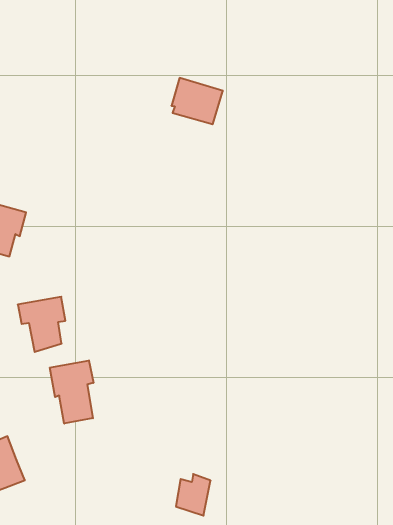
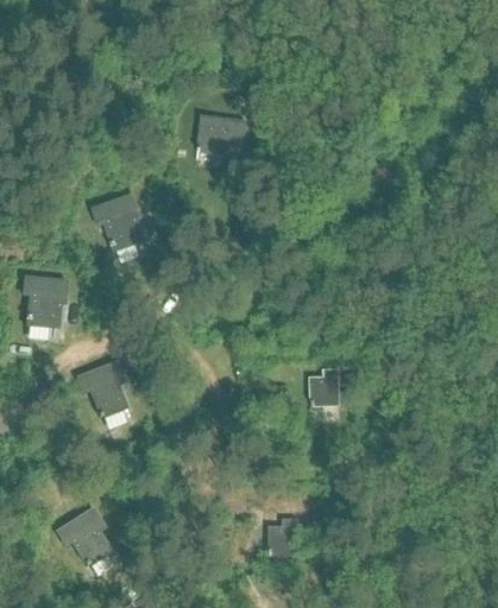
building: none -> [93,192,146,251]
building: none -> [313,367,341,405]
building: [50,360,93,424] -> none

